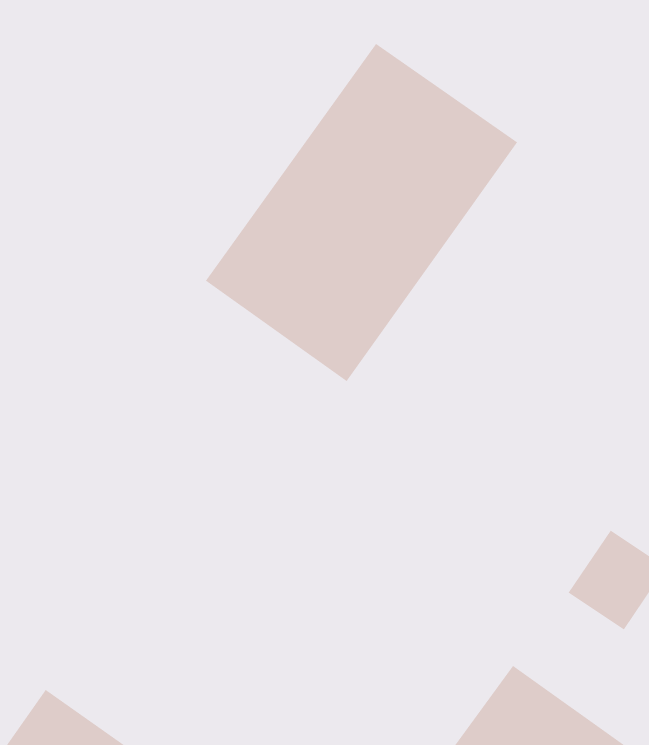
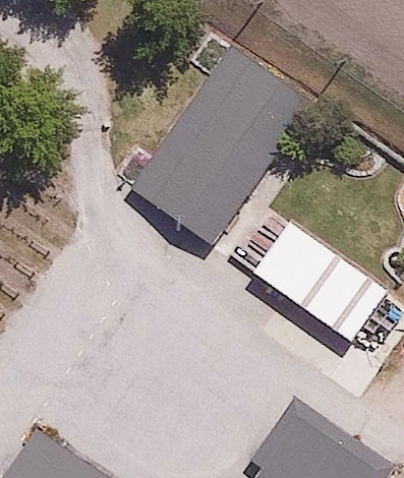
building: none -> [250,222,388,347]

